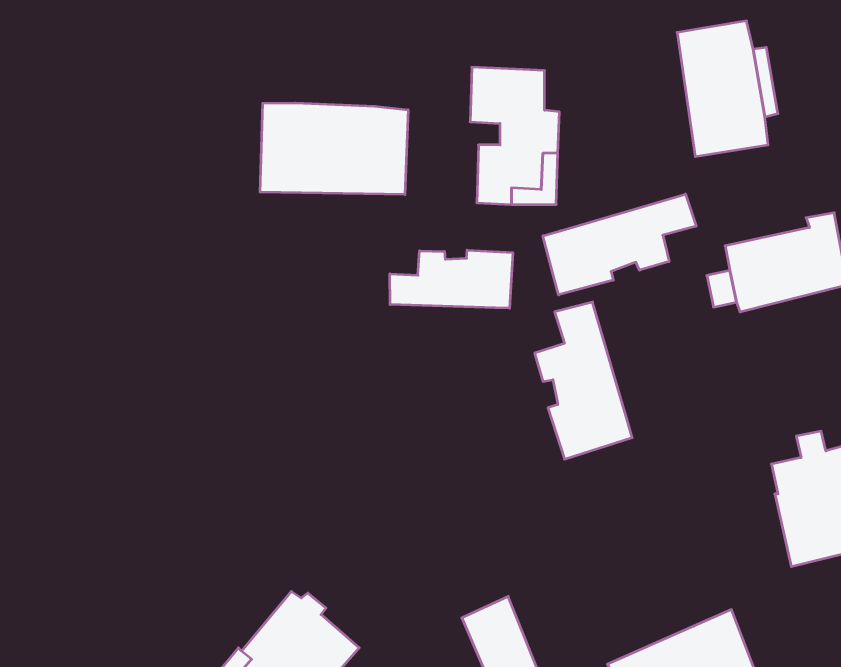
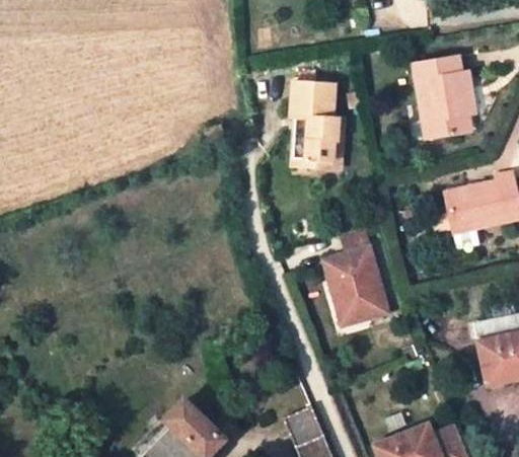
building: [260,103,408,195] -> none
building: [543,194,696,295] -> none
building: [390,250,513,308] -> none

